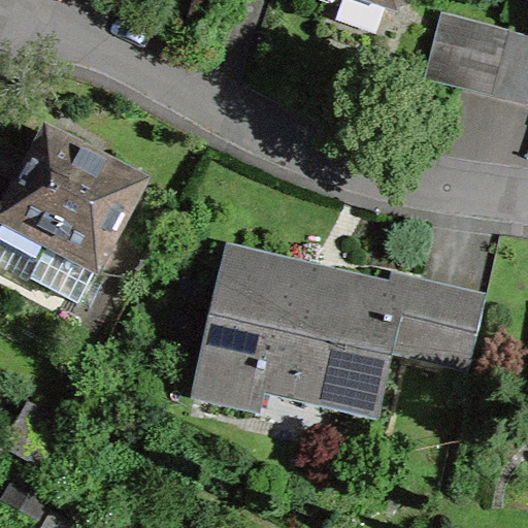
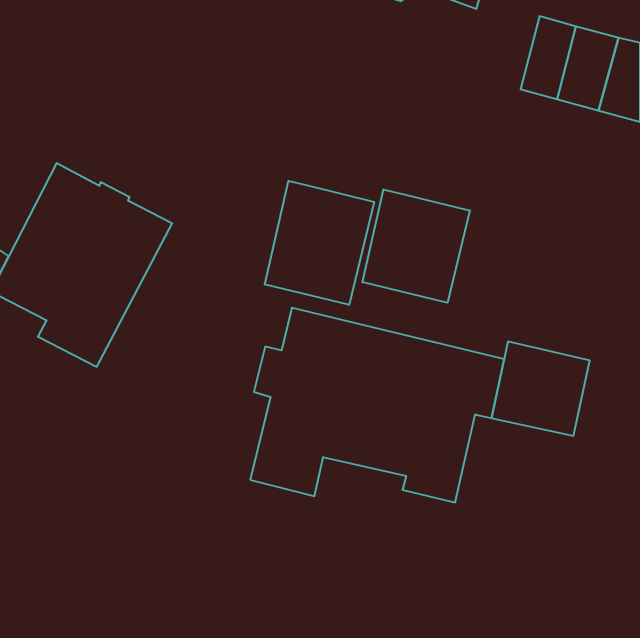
building: none -> [265,181,374,305]
building: none -> [362,189,470,303]

